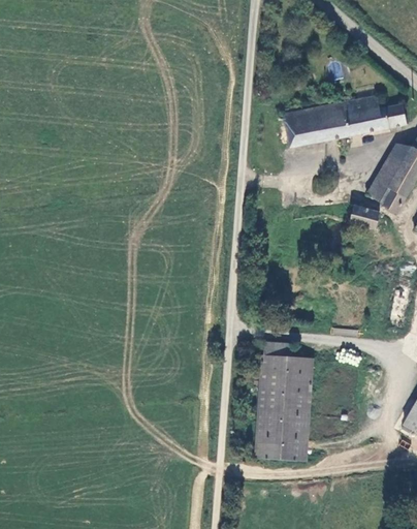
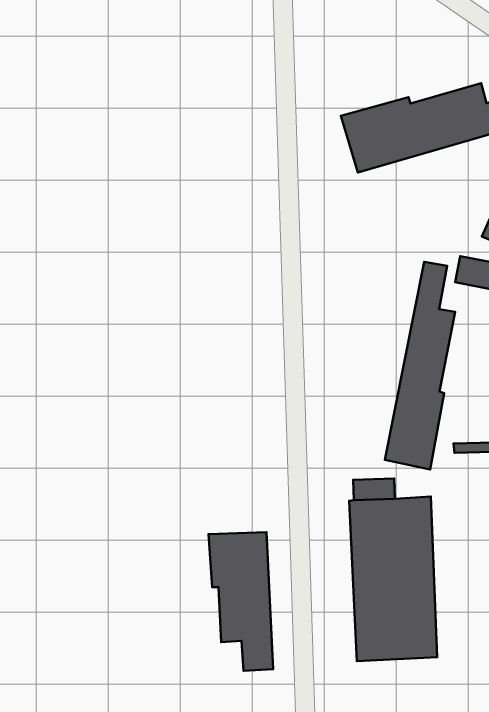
building: none -> [385,262,455,469]
building: none -> [208,532,273,671]

